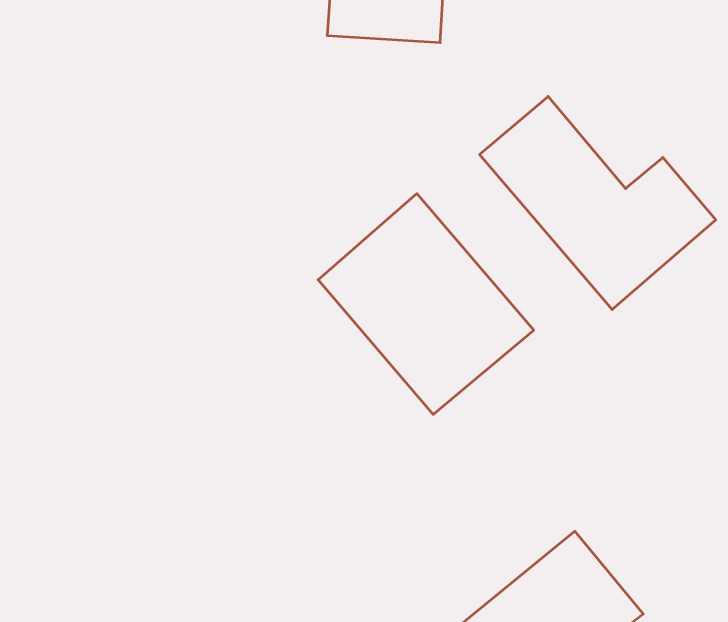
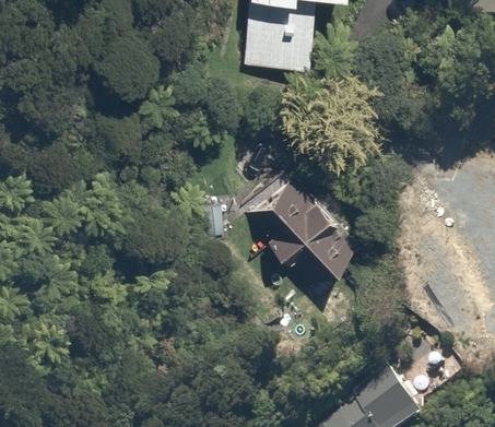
building: [480,96,716,310] -> none

